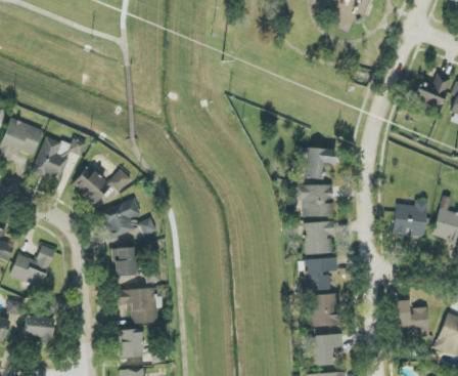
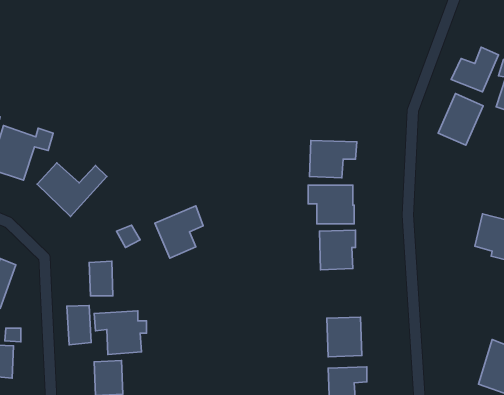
building: none -> [438,94,483,145]
building: [101,197,141,240] -> [155,206,203,258]
building: [394,199,428,237] -> none
building: [304,257,337,290] -> none
building: none -> [67,305,91,345]
building: [394,299,429,333] -> none

